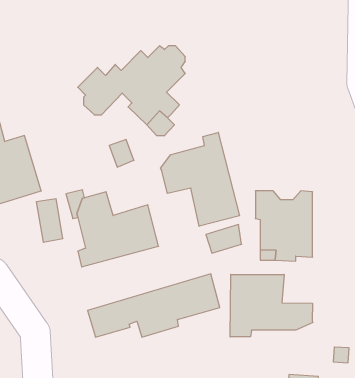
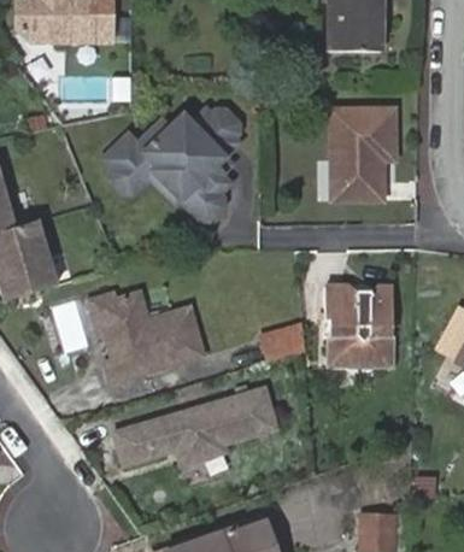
building: none -> [329,110,392,201]
building: [161,132,239,226] -> none
building: [230,274,313,337] -> none

